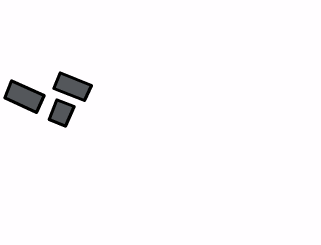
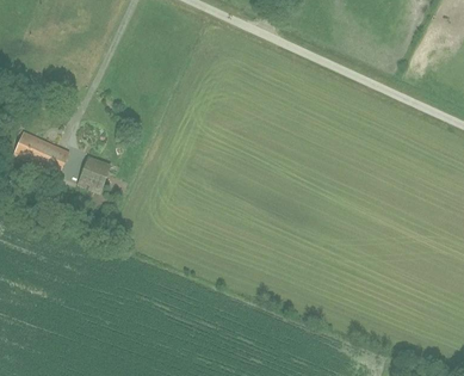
building: [54,73,91,101] -> none

